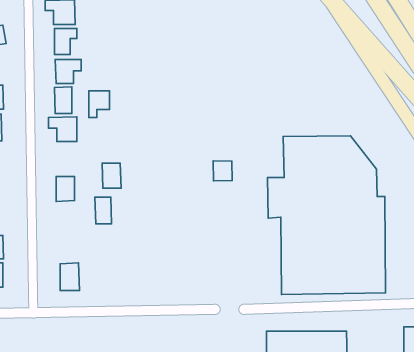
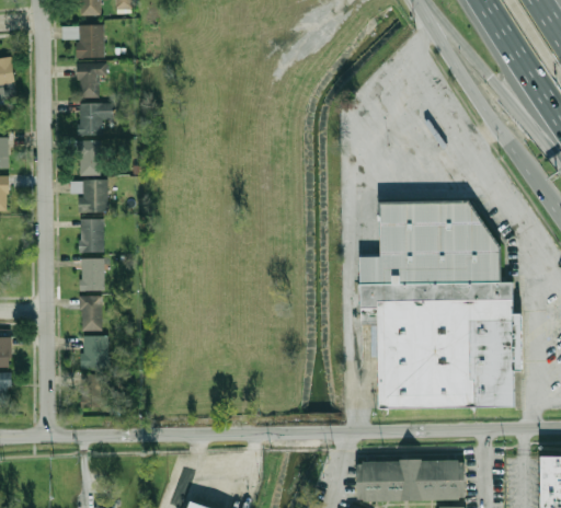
building: [89,91,109,117] -> none
building: [213,161,232,181] -> none
building: [102,163,121,188] -> [79,218,104,251]
building: [95,197,112,224] -> [80,295,102,330]
building: none -> [81,334,108,368]

